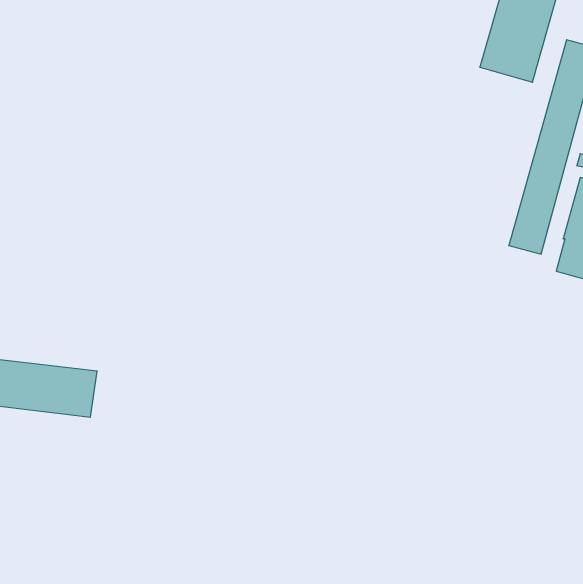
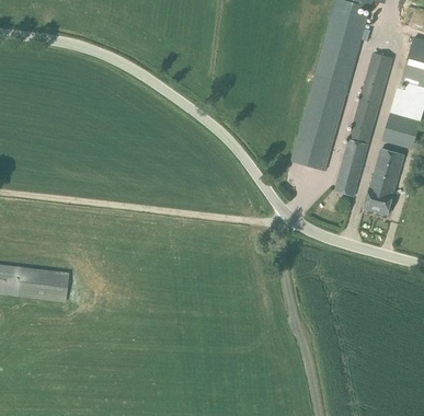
building: none -> [291,74,349,169]

